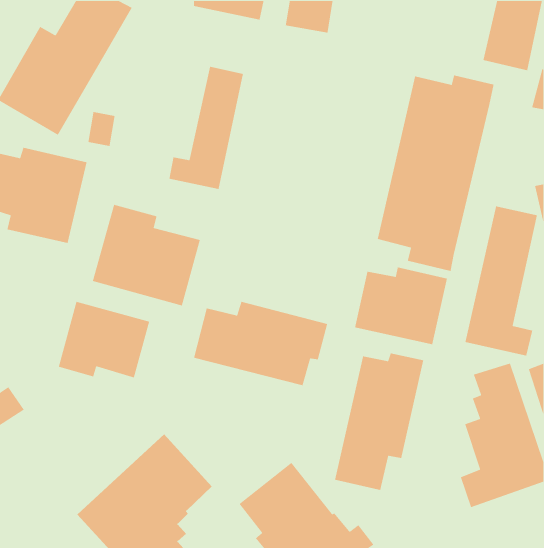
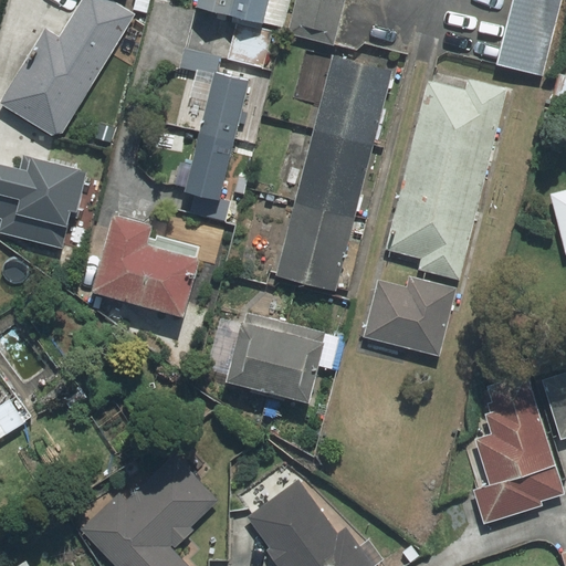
building: none -> [274,52,394,293]
building: [465,205,538,357] -> none
building: [58,301,150,378] -> none
building: [334,352,424,491] -> none

